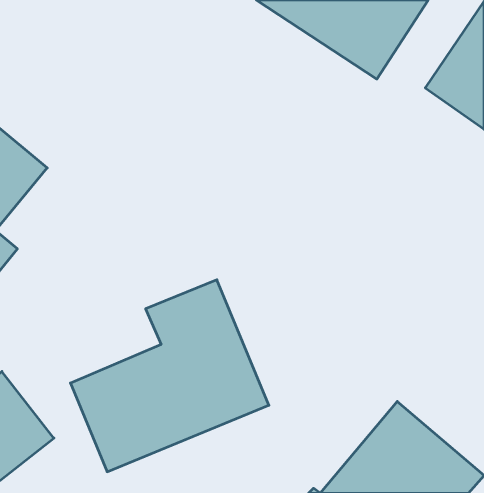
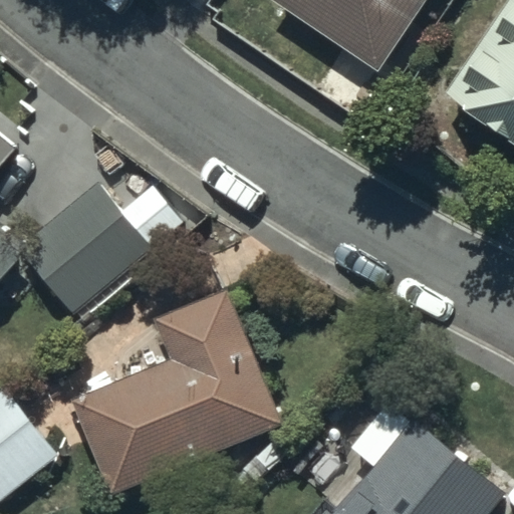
building: none -> [23,182,155,311]

